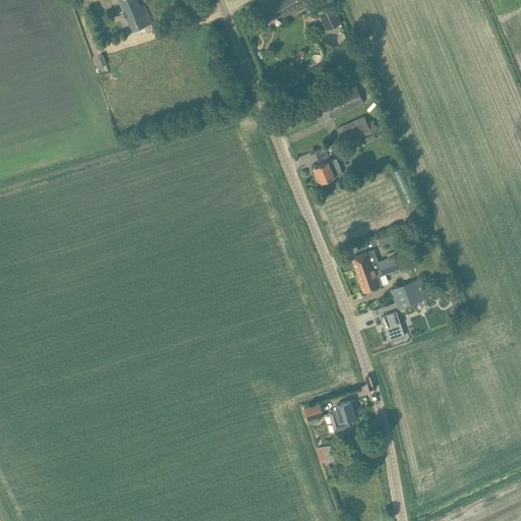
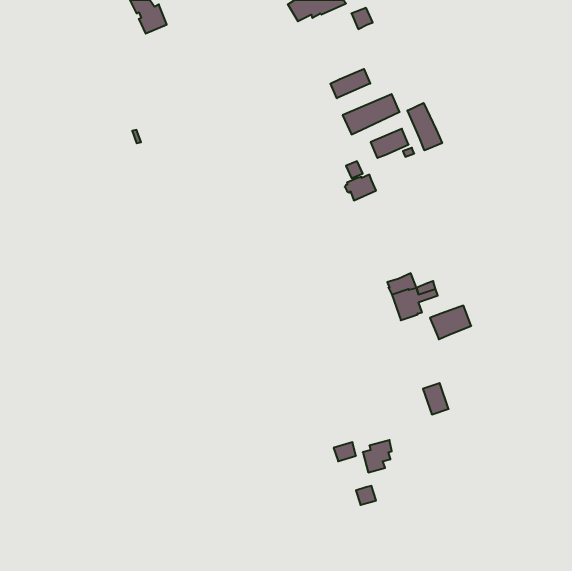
building: none -> [330,69,370,98]
building: none -> [407,103,442,150]
building: [382,311,405,340] -> [423,383,449,414]

